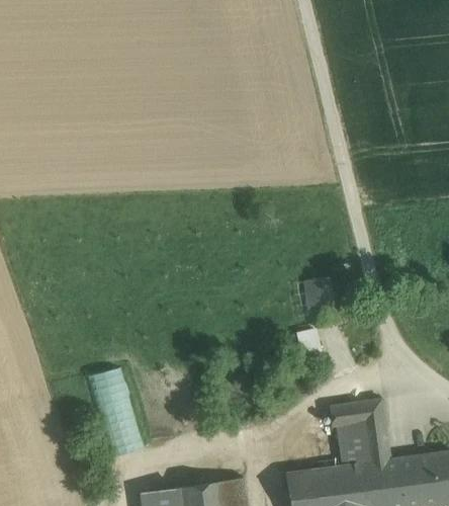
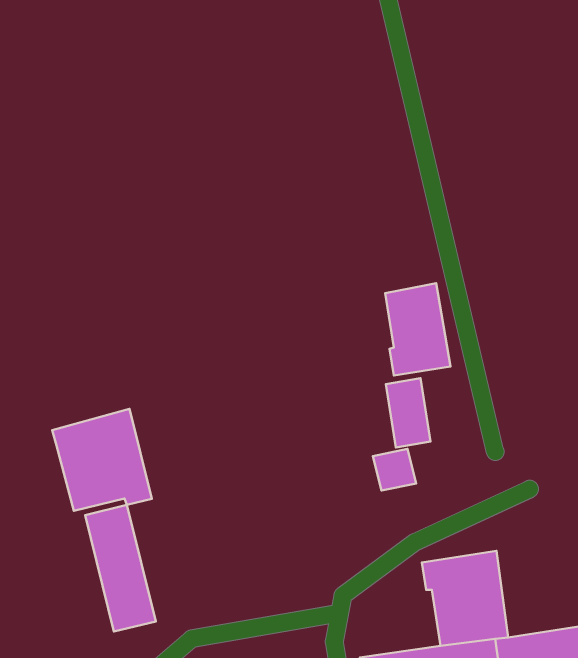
building: none -> [385,283,451,376]
building: none -> [52,409,152,511]

